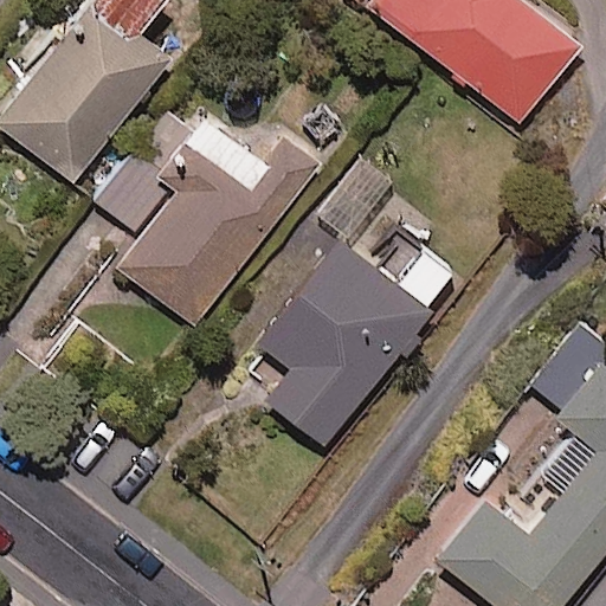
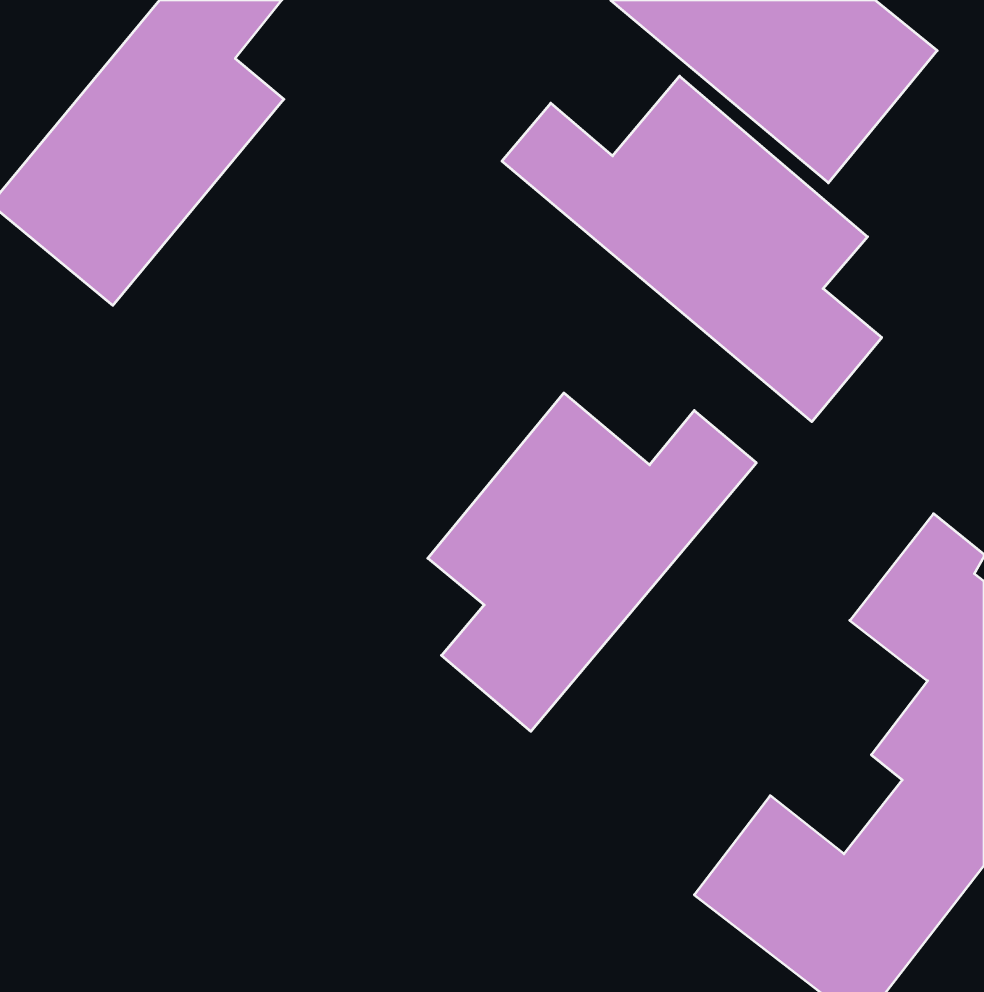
building: none -> [502,76,882,422]
building: [96,117,321,327] -> none

